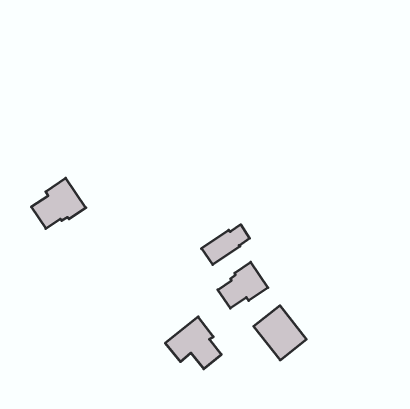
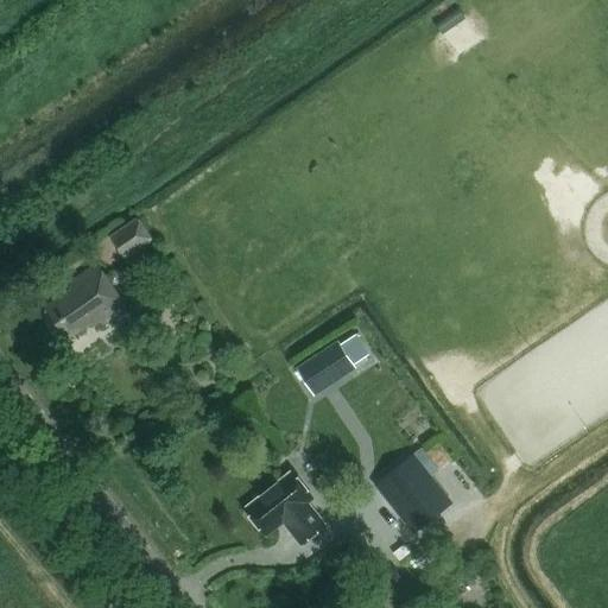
building: none -> [109,217,154,261]
building: [218,262,268,308] -> none

